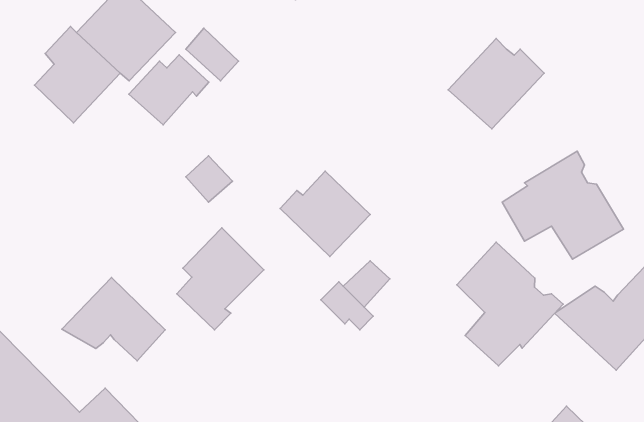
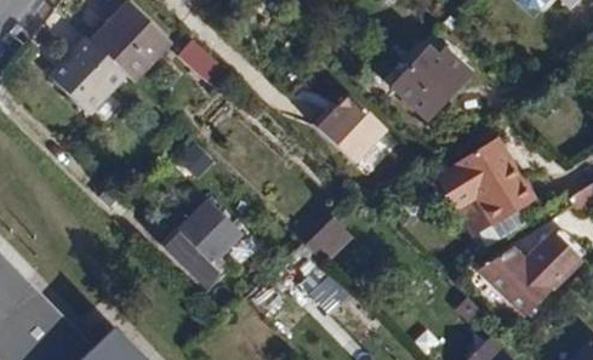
building: [129,55,209,125] -> none
building: [280,171,370,257] -> [314,95,387,164]
building: [457,242,563,366] -> none
building: [62,277,165,361] -> none

